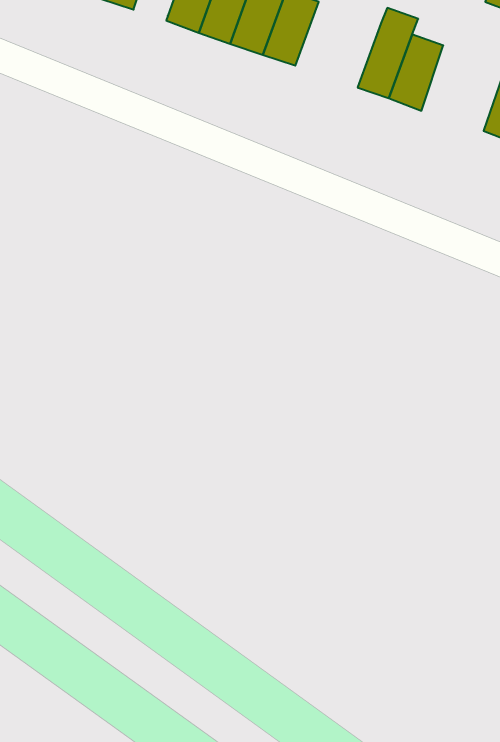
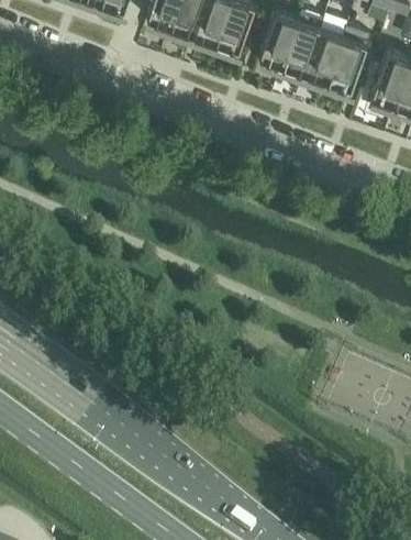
building: none -> [259,11,299,65]
building: none -> [327,24,370,89]

